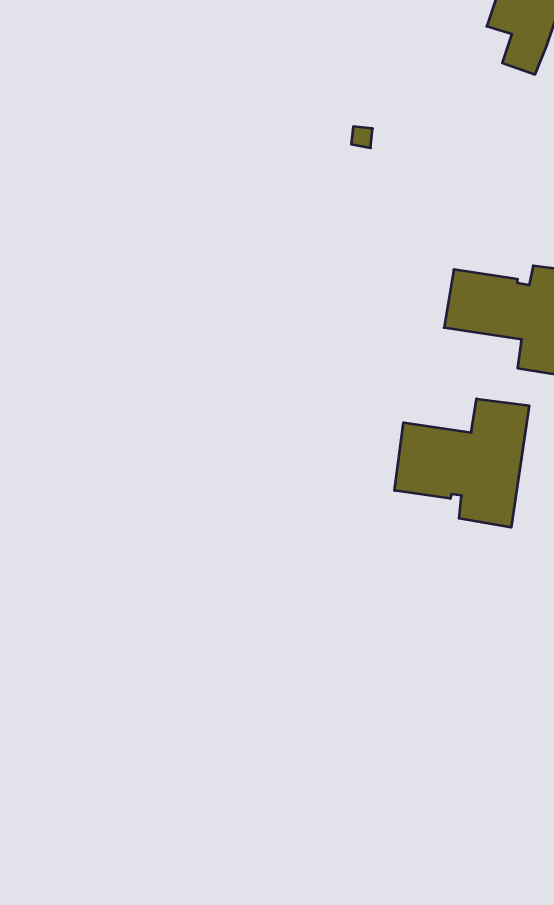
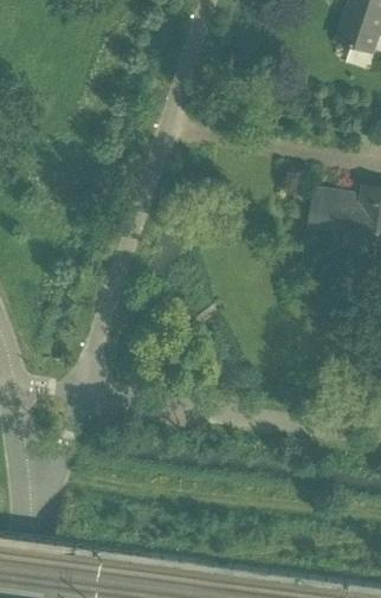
building: [395,399,529,527] -> none

